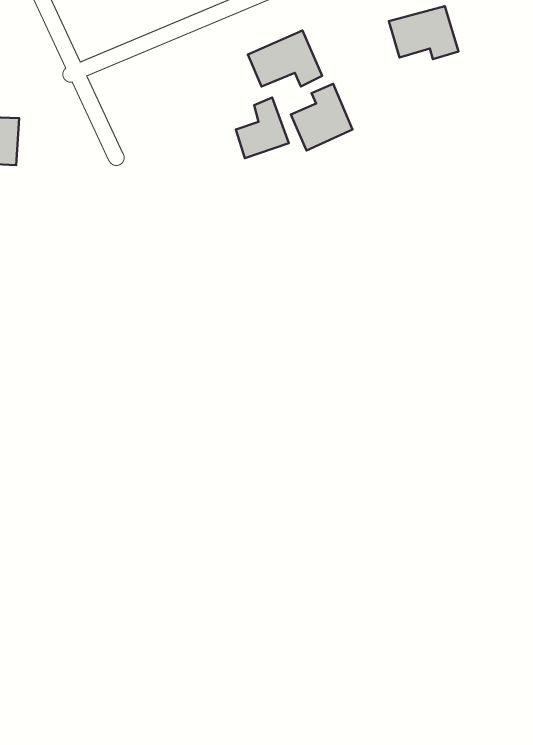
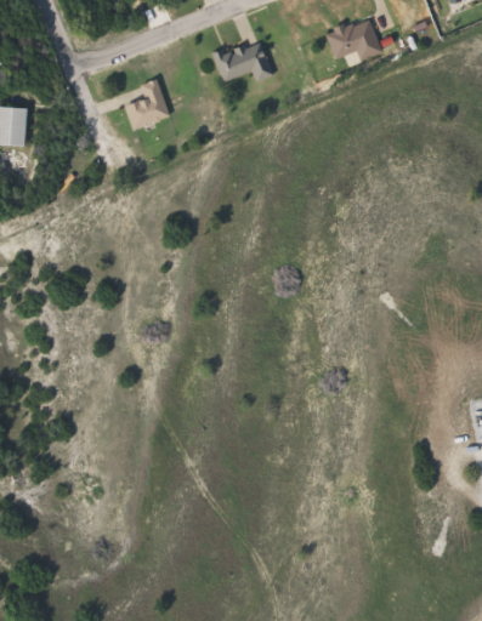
building: [291,84,352,151] -> none
building: [236,98,289,158] -> [126,80,169,129]

